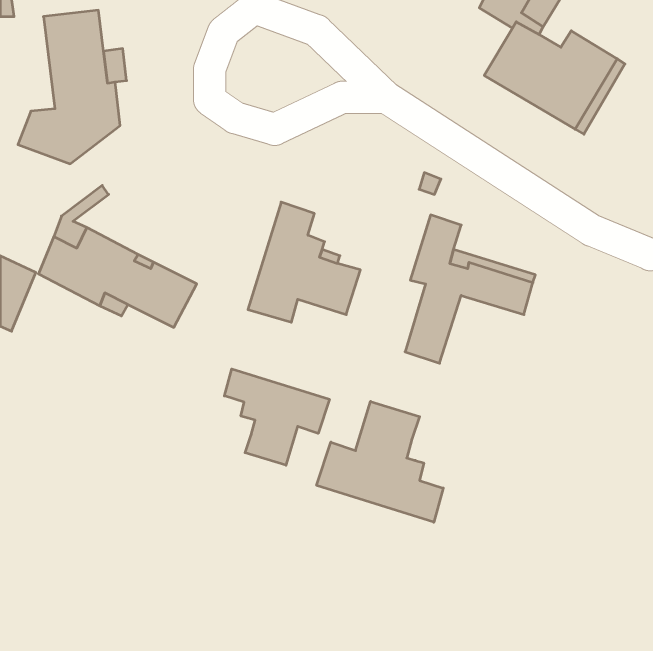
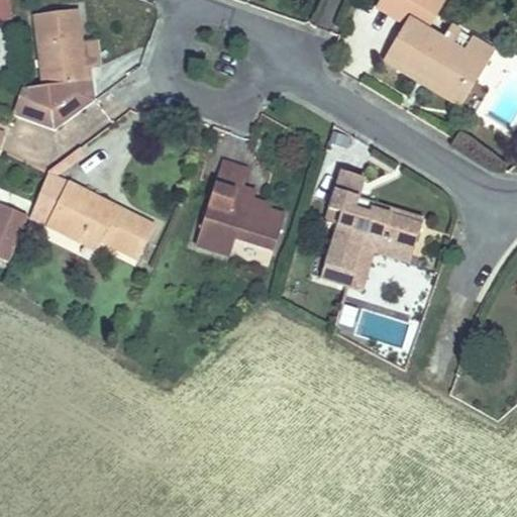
building: none -> [347,233,414,291]
building: [224,369,329,465] -> none
building: [317,401,443,522] -> none

